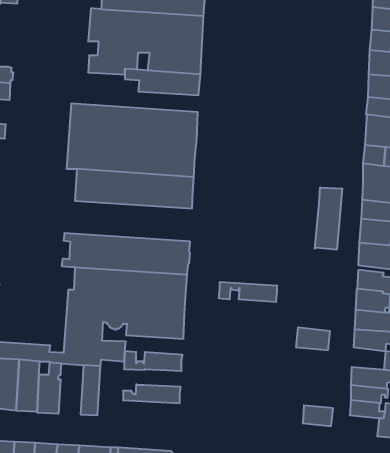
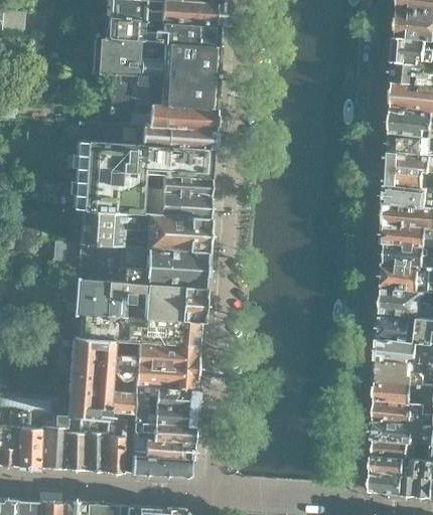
building: none -> [77,122,212,149]
building: [315,187,342,250] -> none
building: none -> [54,241,205,287]
building: [219,282,277,302] -> [134,386,196,407]
building: [296,327,330,350] -> [376,399,412,423]
building: none -> [63,416,90,471]
building: none -> [105,419,126,473]
building: none -> [133,422,194,442]
building: none -> [131,456,192,477]
building: [303,405,333,426] -> [373,472,405,494]

